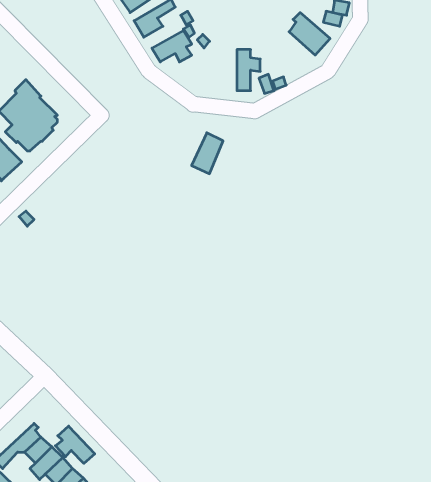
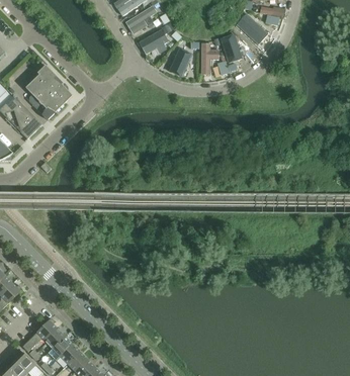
building: none -> [222,32,243,61]
building: [192,133,223,174] -> [169,45,192,76]
building: [55,426,95,463] -> none

